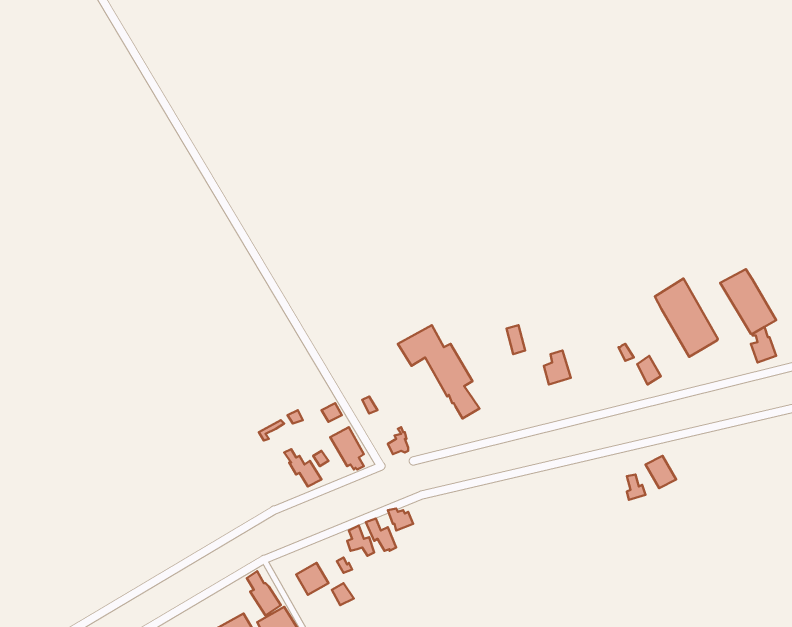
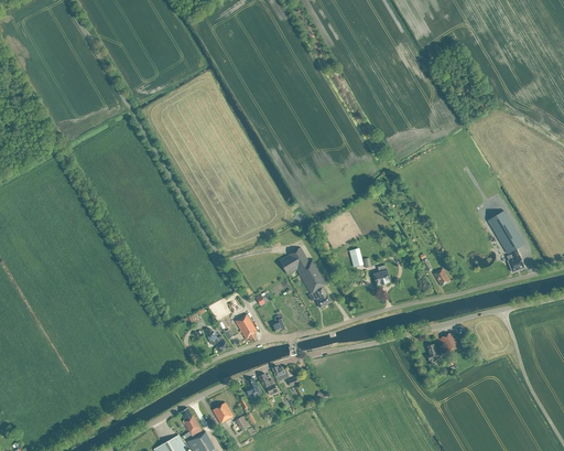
building: [655,278,718,357] -> none

